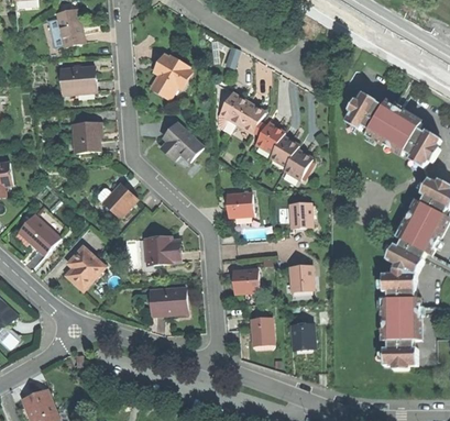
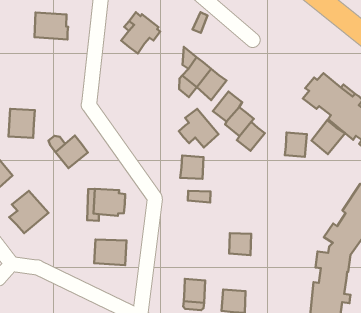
building: [73,122,100,153] -> [9,109,35,138]
building: [161,123,201,162] -> [179,109,218,147]
building: none -> [312,120,345,154]
building: [290,202,312,226] -> [285,133,307,157]
building: [237,269,260,292] -> none

